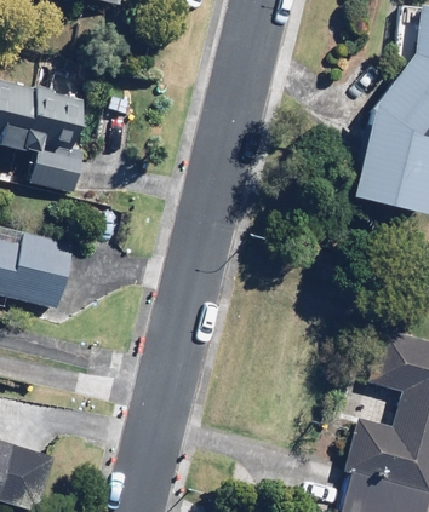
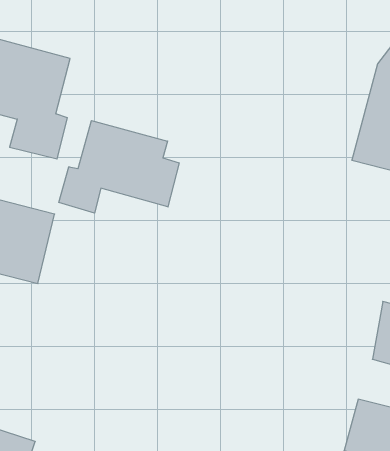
building: none -> [59,121,179,213]

